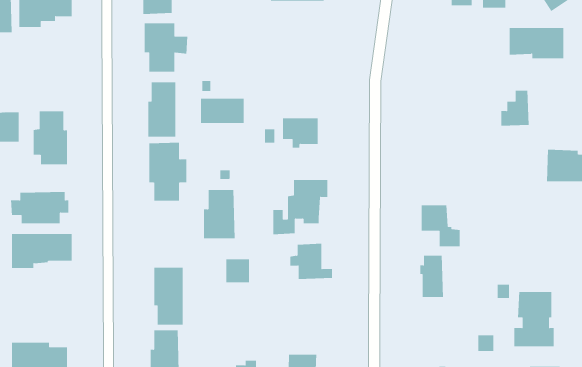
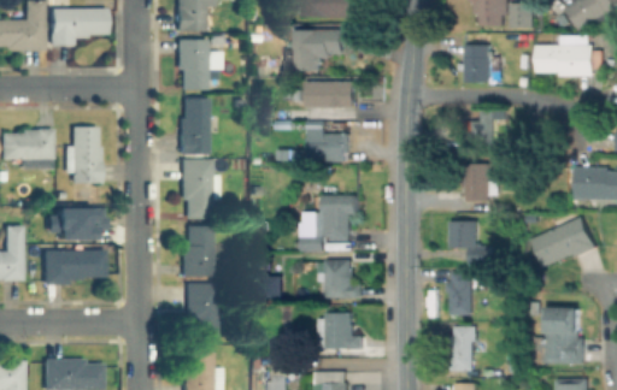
building: none -> [296,32,345,71]
building: none -> [468,45,492,82]
building: [501,90,529,126] -> [469,111,498,147]
building: [200,98,245,124] -> [311,84,355,110]
building: none -> [468,164,492,201]
building: [203,190,236,239] -> [180,226,212,276]
building: none -> [536,220,598,268]
building: none -> [321,313,364,356]
building: none -> [452,326,477,371]

